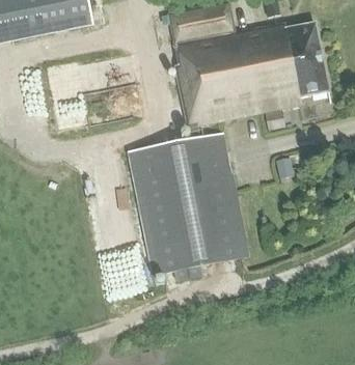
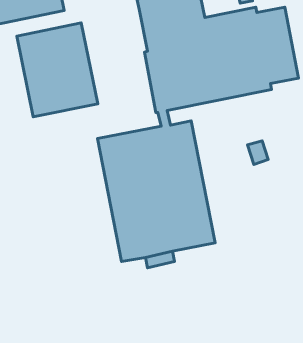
building: none -> [17,23,98,117]

